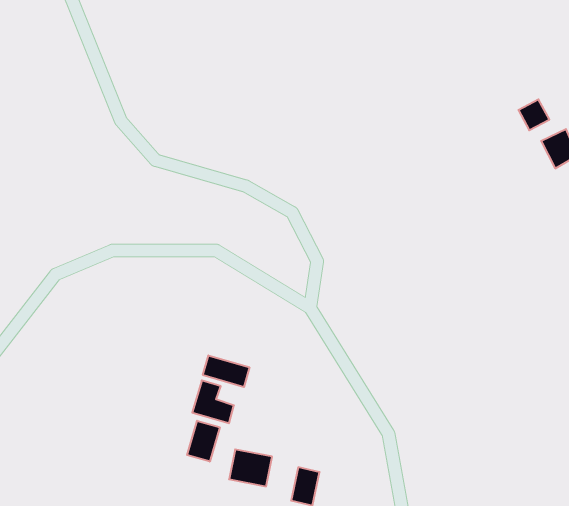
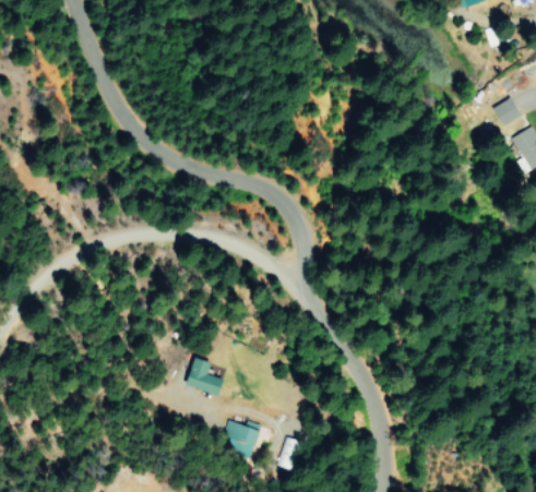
building: [203,355,249,387] -> none
building: [187,421,220,462] -> none

